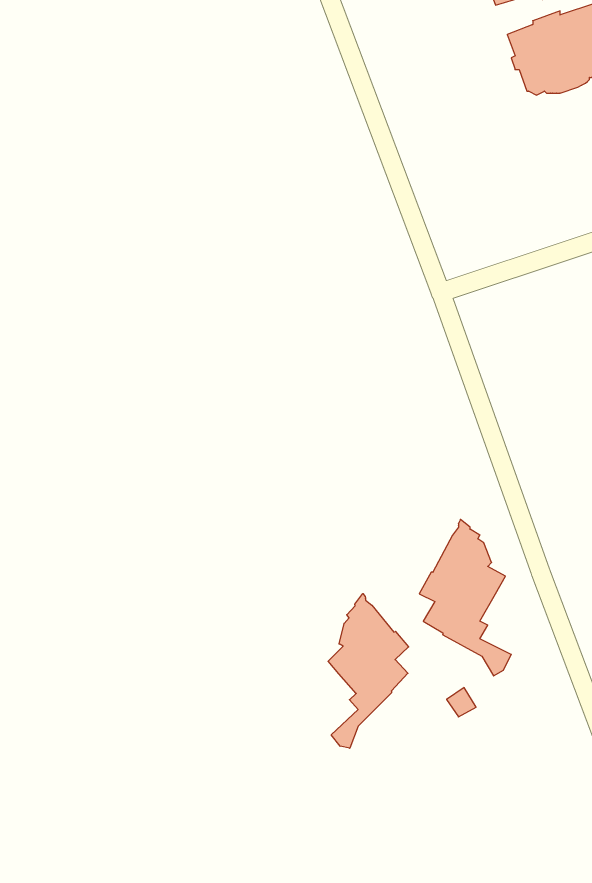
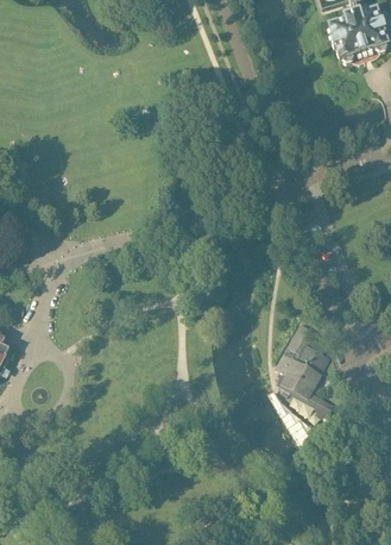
building: [328,594,409,748] -> none

